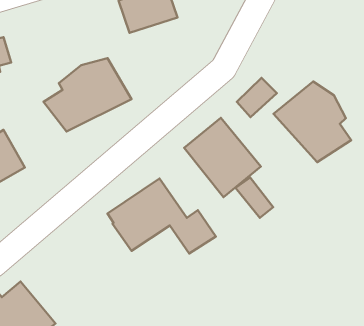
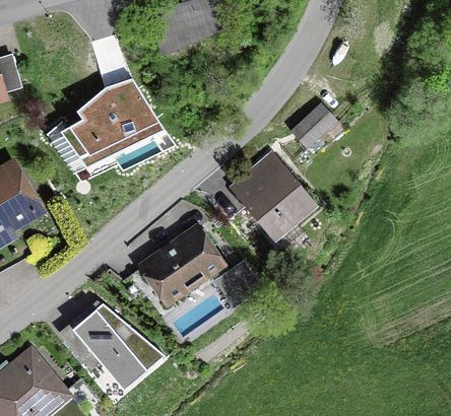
building: [274,82,351,162] -> none
building: [235,177,273,218] -> none
building: none -> [58,300,164,394]

